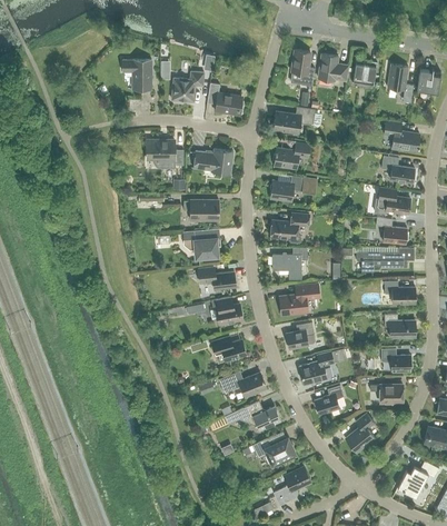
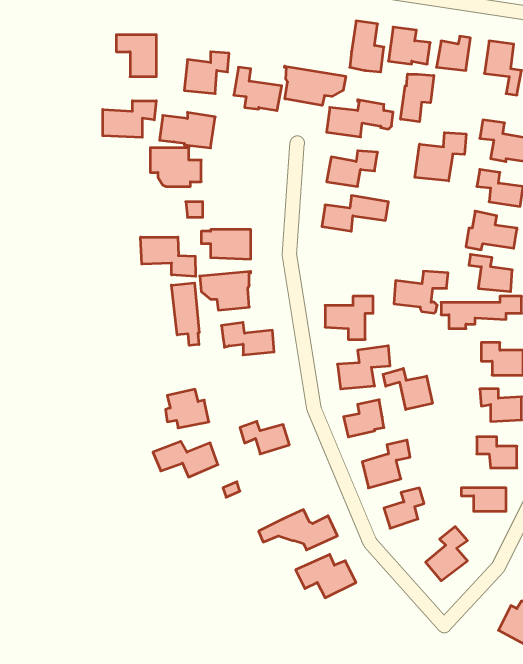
building: none -> [284,66,346,105]
building: none -> [401,74,434,122]
building: none -> [103,101,156,137]
building: none -> [415,133,466,181]
building: [193,148,234,173] -> [160,112,215,148]
building: none -> [141,237,196,276]
building: [270,212,309,242] -> [394,271,448,313]
building: none -> [171,283,199,345]
building: [210,296,241,324] -> [166,389,209,428]
building: none -> [383,368,432,410]
building: [219,370,266,396] -> [153,441,218,477]
building: [274,466,311,505] -> none

